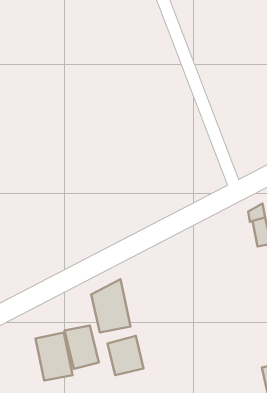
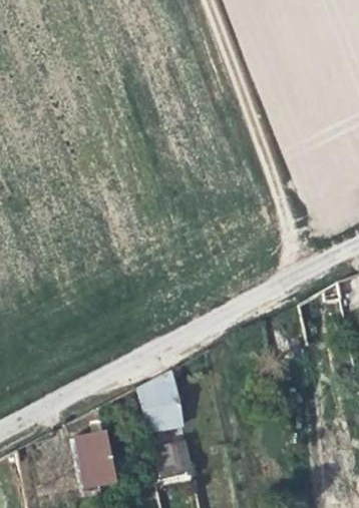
building: [64,325,99,369] -> none

